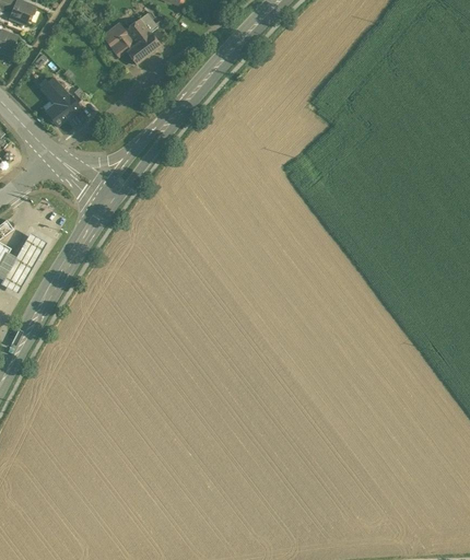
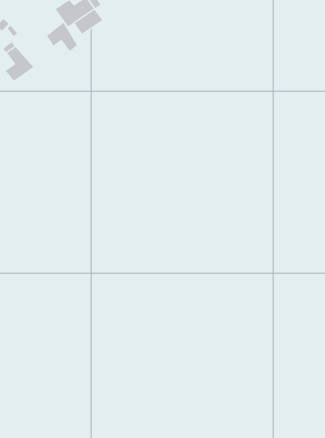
building: none -> [46,22,78,52]

